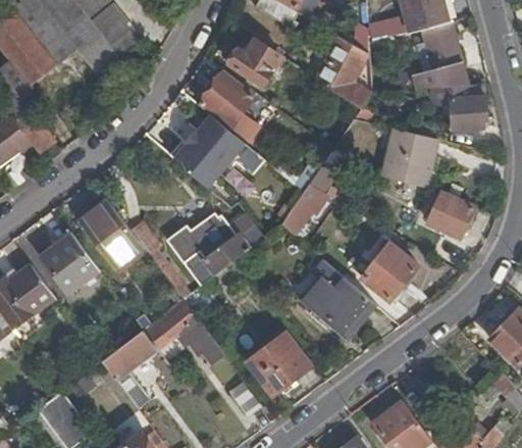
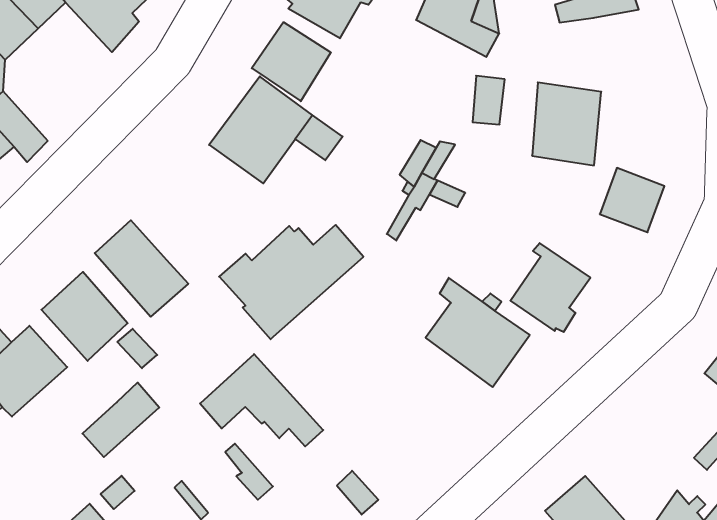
building: [435,84,486,130] -> none
building: [103,329,157,378] -> [82,383,159,457]
building: [248,333,311,395] -> none

